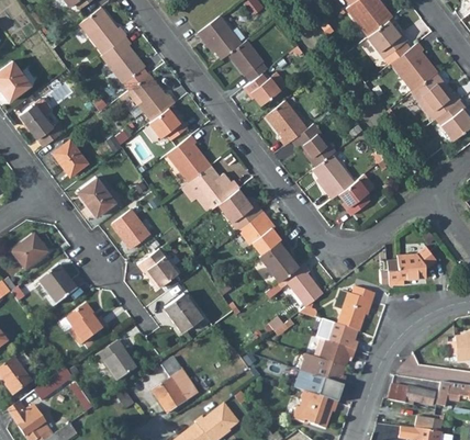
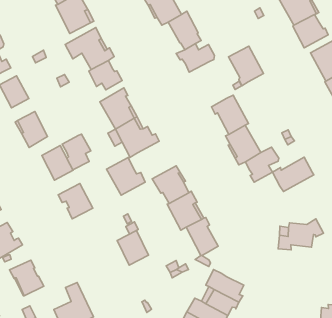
building: [265,100,306,145] -> [228,46,264,86]
building: none -> [273,157,314,192]
building: [217,187,262,229] -> [107,158,145,195]
building: none -> [62,134,91,170]
building: [335,286,376,331] -> none
building: [165,292,202,331] -> [117,230,149,265]

